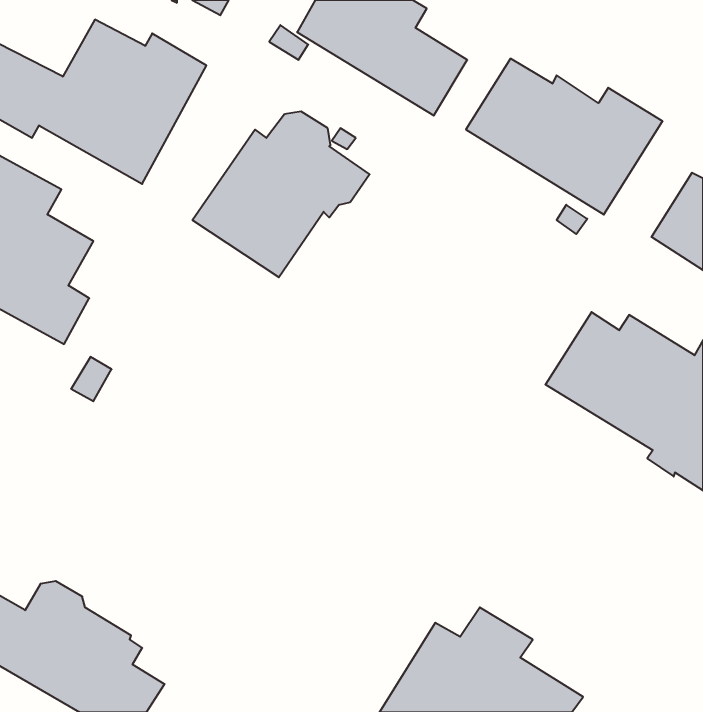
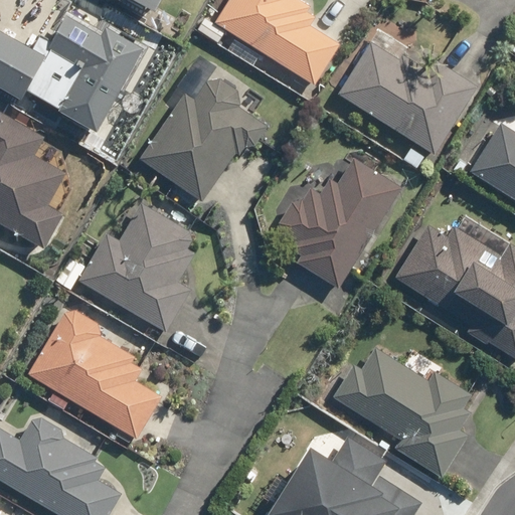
building: none -> [278,160,400,289]
building: none -> [78,204,194,331]
building: none -> [27,311,159,439]
building: none -> [333,351,470,478]

